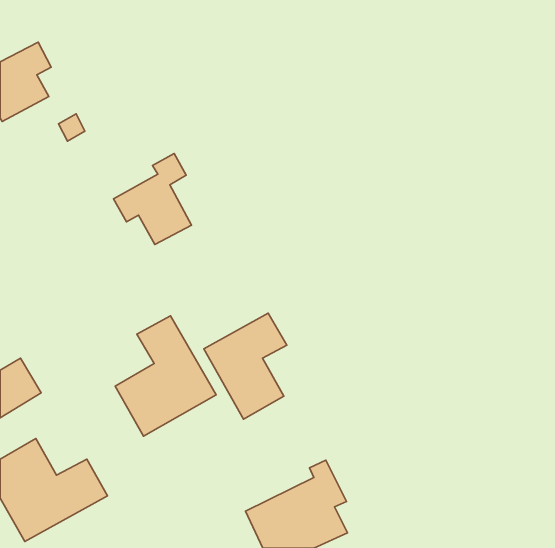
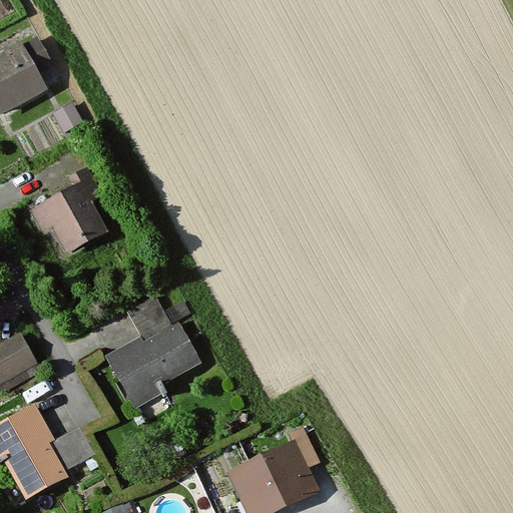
building: [113,153,192,245] -> [30,166,102,250]
building: [204,313,287,419] -> none

